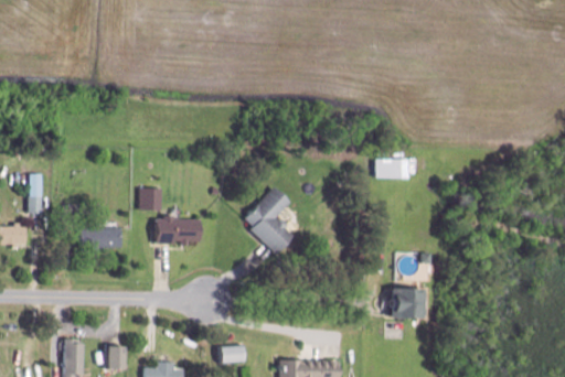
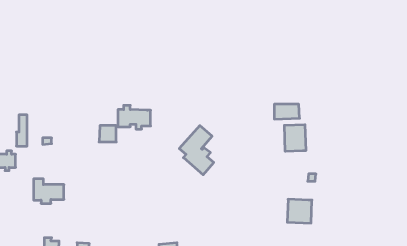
building: none -> [284,125,306,151]
building: [157,214,201,246] -> [118,105,151,129]
building: [79,220,120,254] -> [34,179,64,203]

